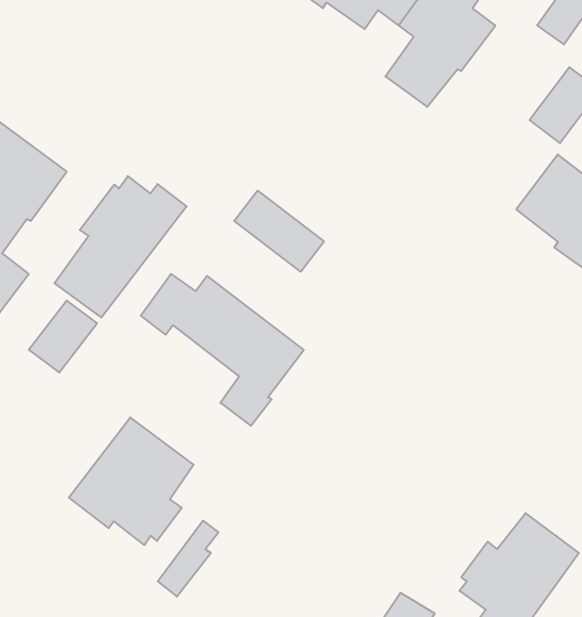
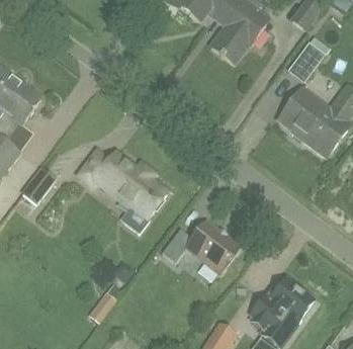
building: [54,176,187,317] -> none
building: [234,191,324,272] -> none
building: none -> [163,220,241,272]
building: [69,417,194,545] -> none

